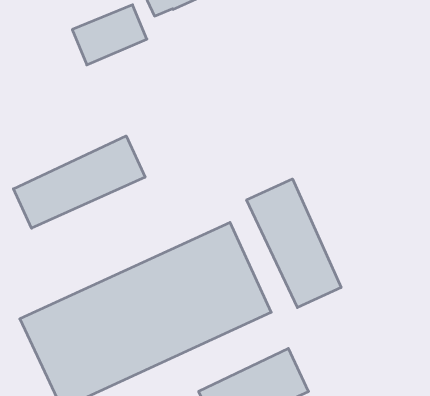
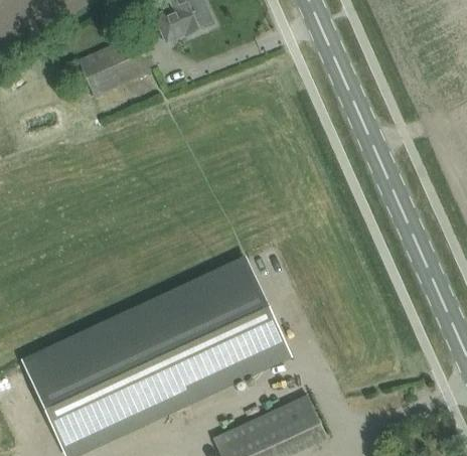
building: [13,136,145,228] -> none
building: [247,179,341,308] -> none

